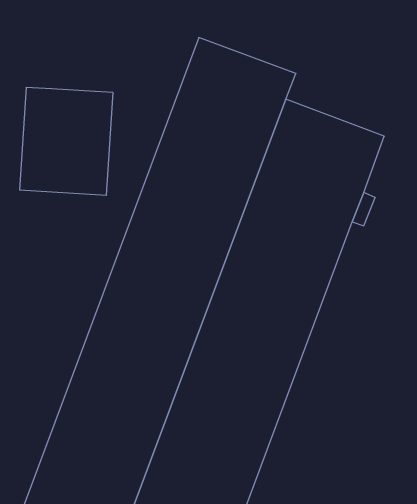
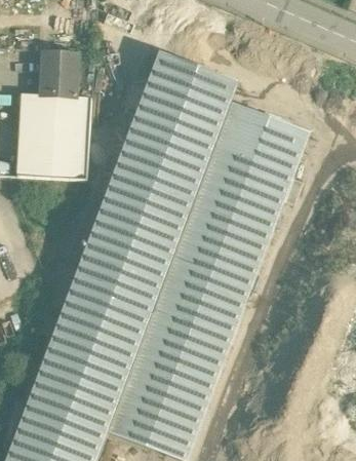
building: none -> [42,49,77,94]

